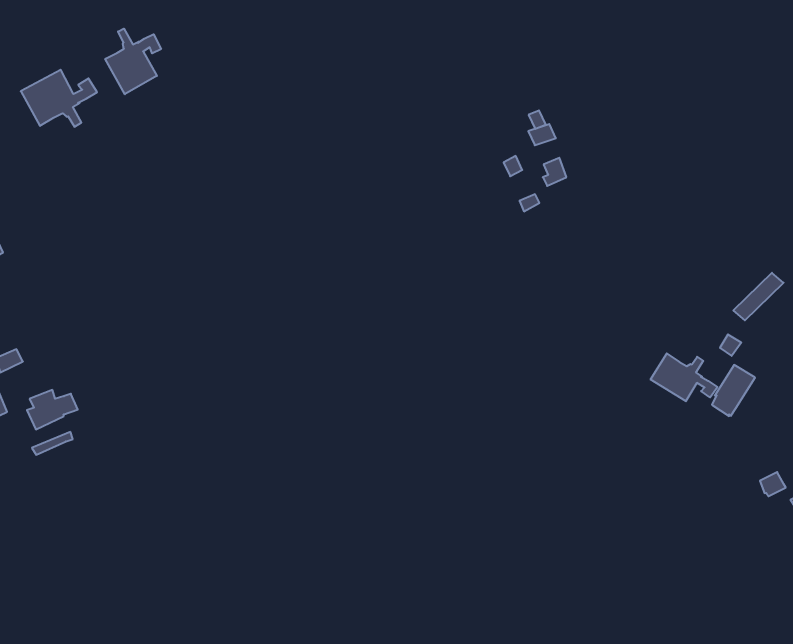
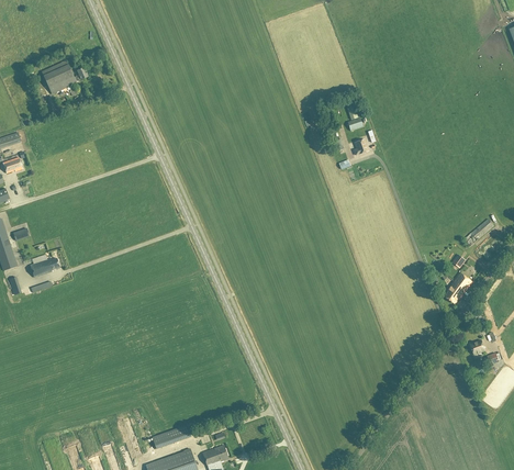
building: [105,29,161,94] -> none
building: [651,353,717,401] -> none

